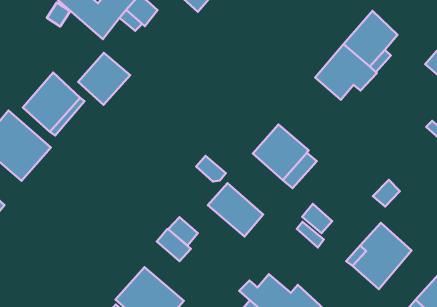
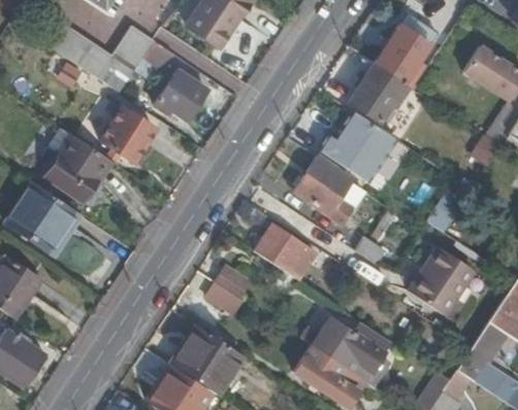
building: none -> [155,70,207,121]
building: none -> [321,113,394,182]

